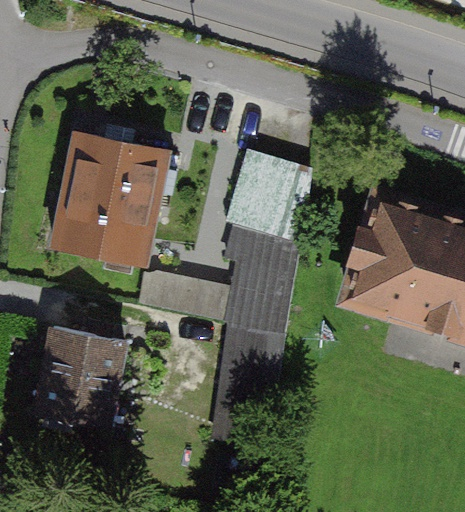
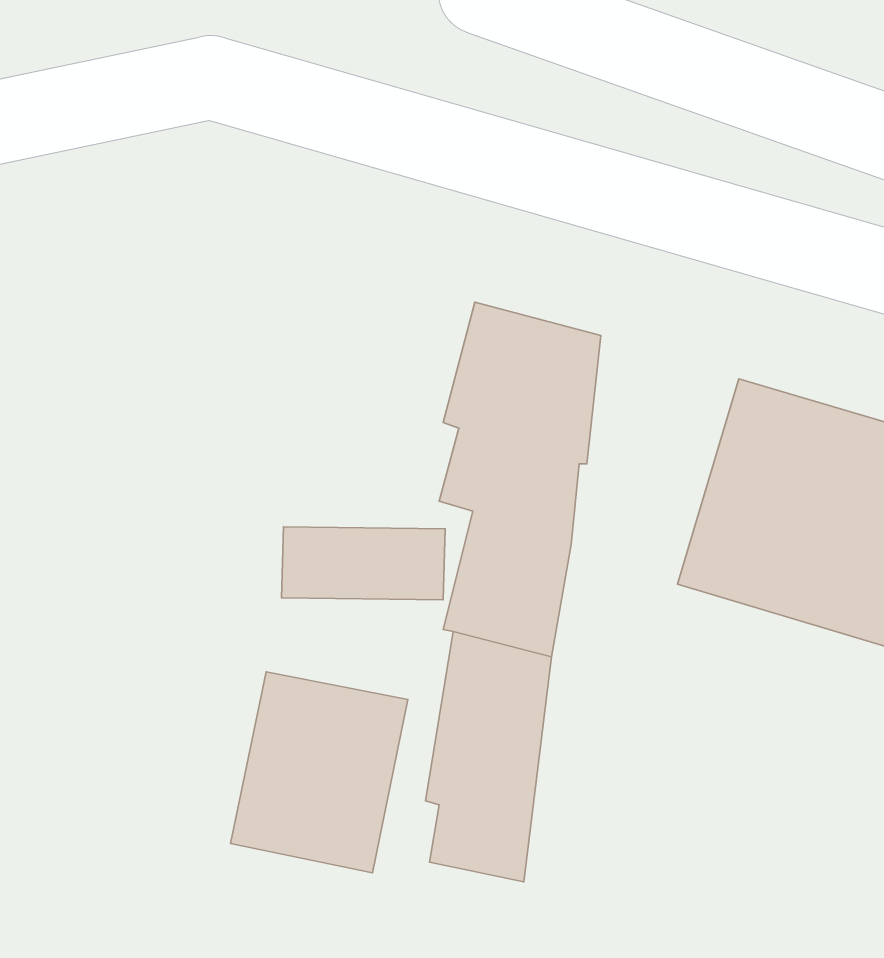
building: [52,134,176,266] -> none
building: [34,329,124,431] -> [231,672,408,873]

